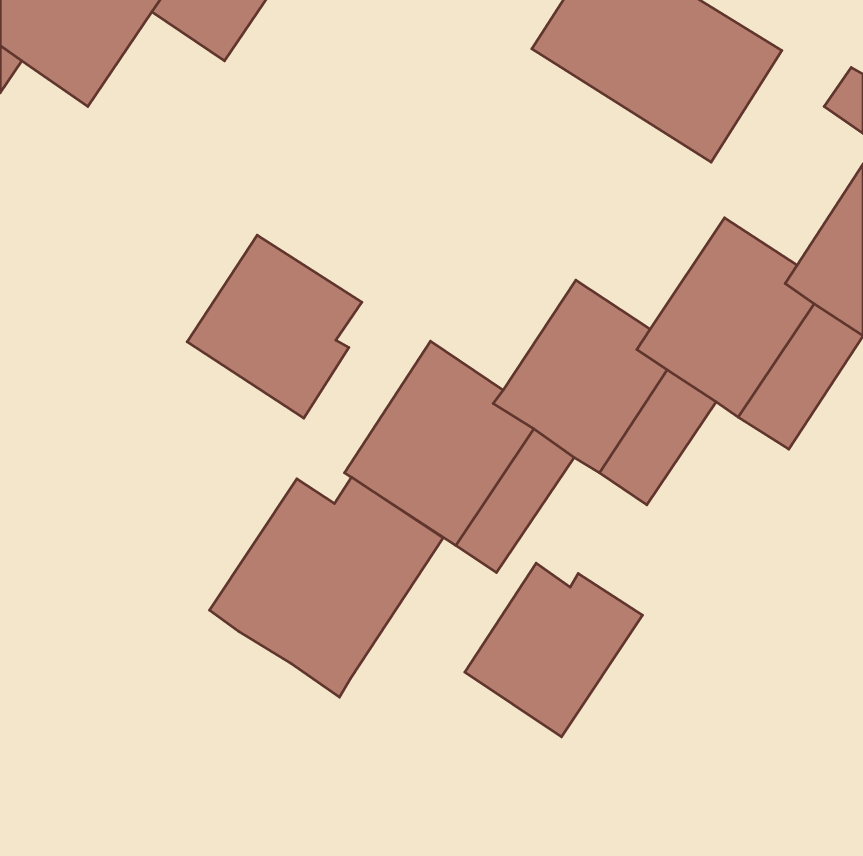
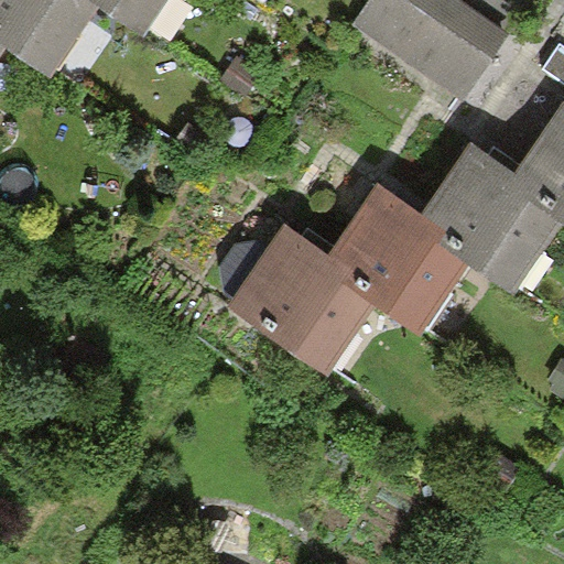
building: [187,235,362,418] -> none
building: [209,477,443,697] -> none
building: [465,563,643,737] -> none

